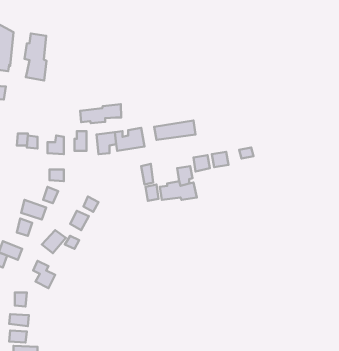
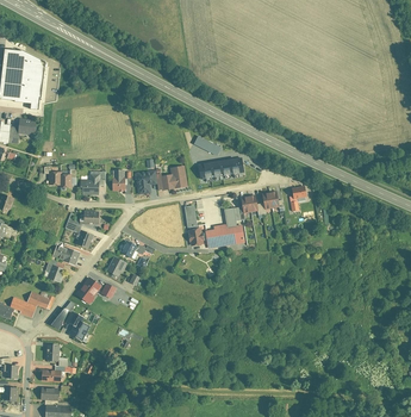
building: [24,33,46,81] -> none
building: [80,104,121,123] -> none

